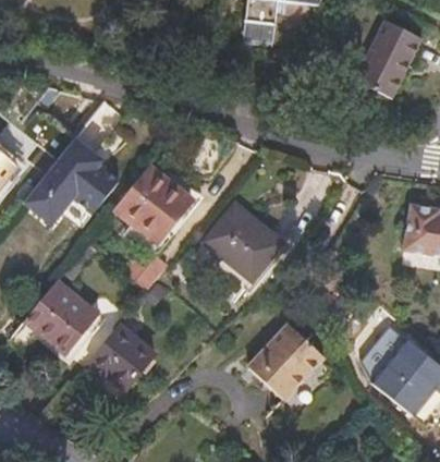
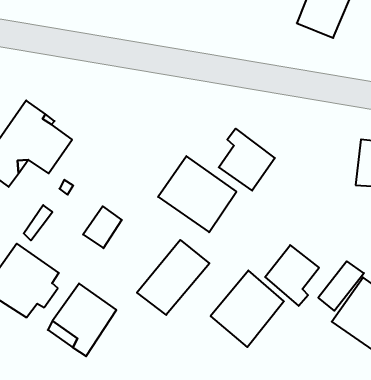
building: [114,166,194,245] -> none
building: none -> [219,129,275,191]
building: none -> [137,240,209,315]
building: none -> [265,245,319,306]

